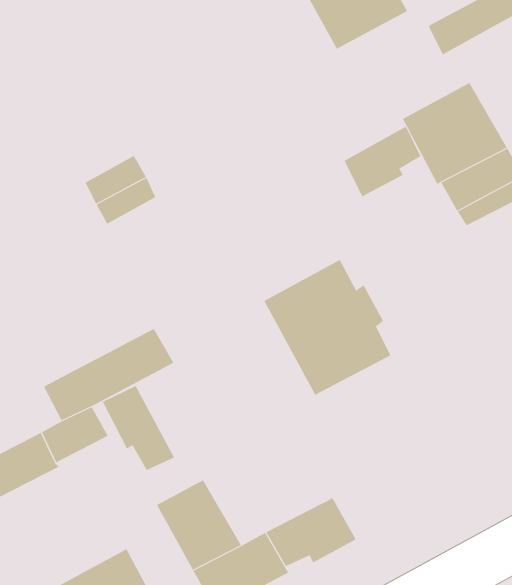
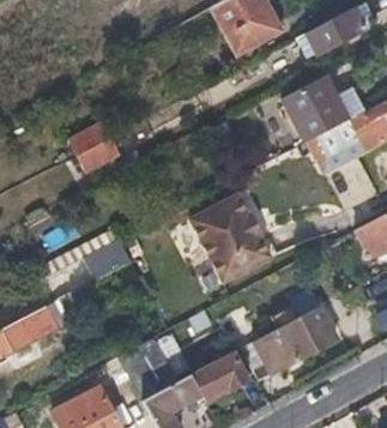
building: [344,126,421,197] -> none
building: [102,385,175,471] -> none
building: none -> [241,305,338,379]

